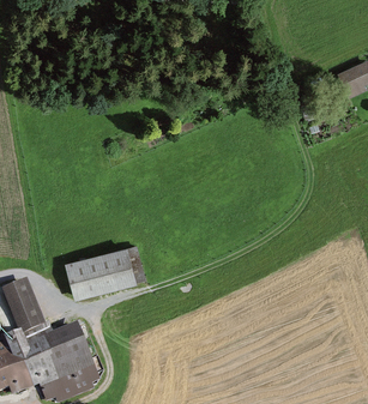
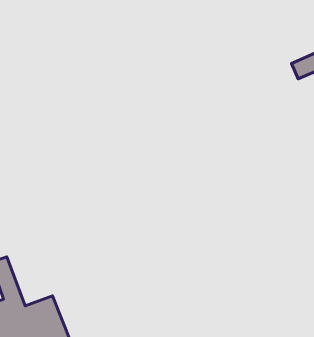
building: [65,248,133,300] -> none

